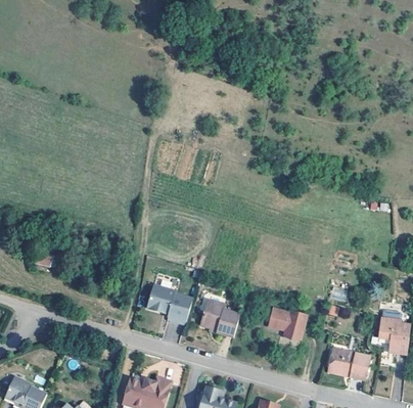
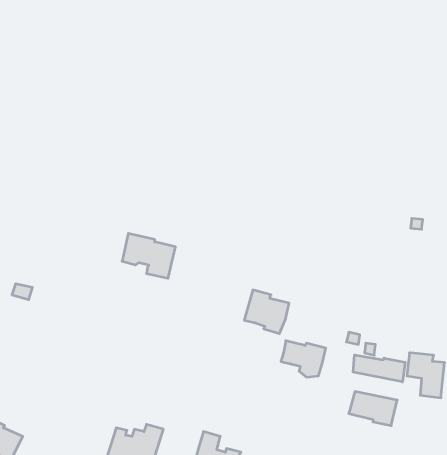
building: [147,286,192,324] -> [122,233,175,278]
building: [201,301,239,337] -> [244,290,289,334]
building: none -> [353,355,405,382]

